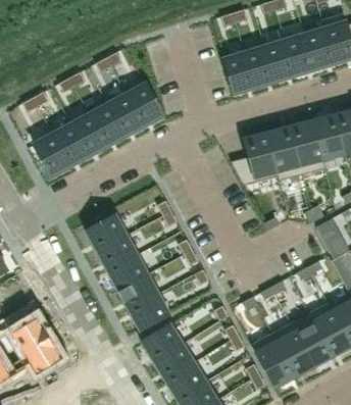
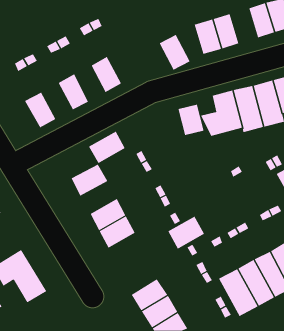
building: [265,41,296,81] -> none
building: [128,85,163,125] -> [159,34,191,71]
building: [91,105,126,146] -> none
building: [54,124,89,165] -> none
building: none -> [178,104,204,136]
building: [97,235,139,271] -> [88,131,125,164]
building: [129,293,170,331] -> [167,216,205,249]
building: [142,324,184,362] -> none

